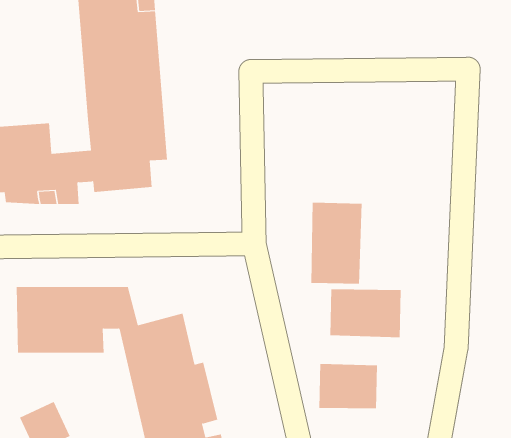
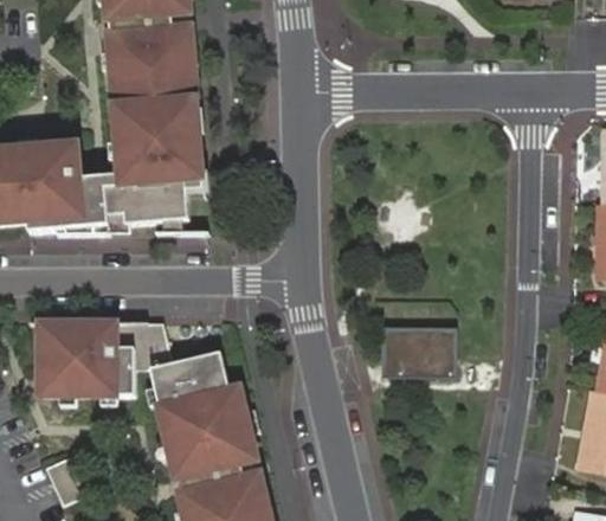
building: [311,202,362,284] -> none
building: [319,363,378,409] -> none

